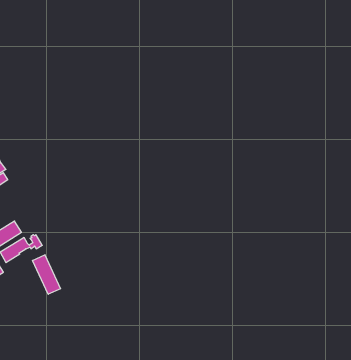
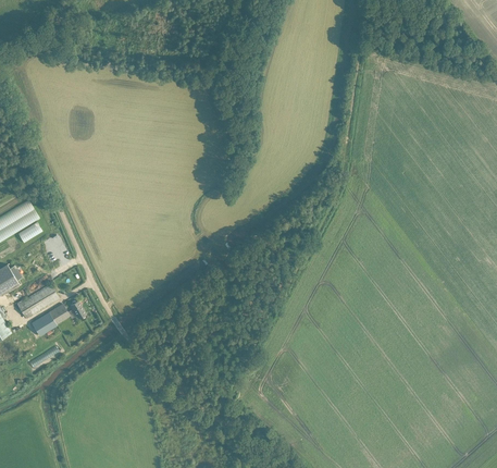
building: [33,255,60,294] -> none

